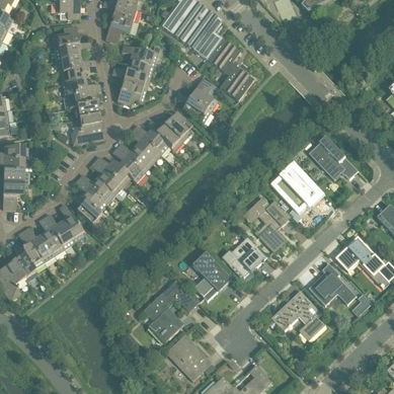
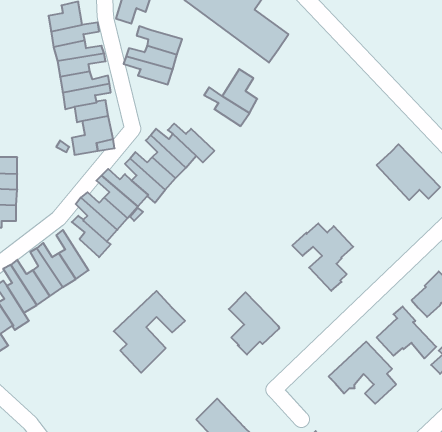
building: [220,63,254,100] -> none
building: [117,83,146,104] -> none
building: [164,111,192,142] -> none
building: [279,164,318,211] -> none
building: [231,237,267,277] -> none
building: [144,280,200,343] -> [114,291,185,373]

